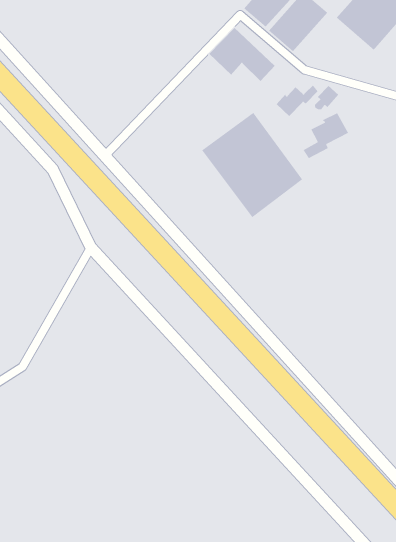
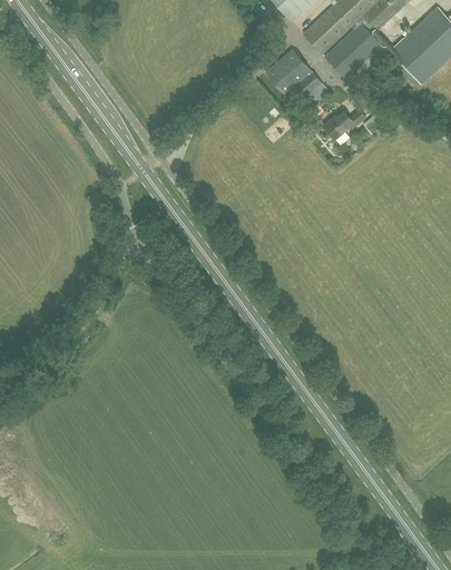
building: [201,112,303,218] -> none
building: [302,112,349,159] -> none

